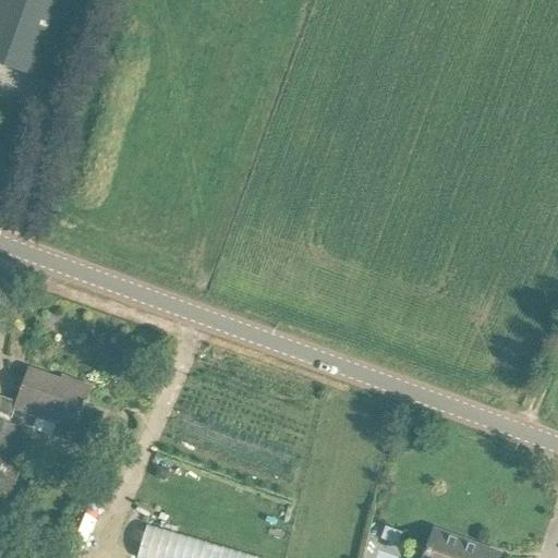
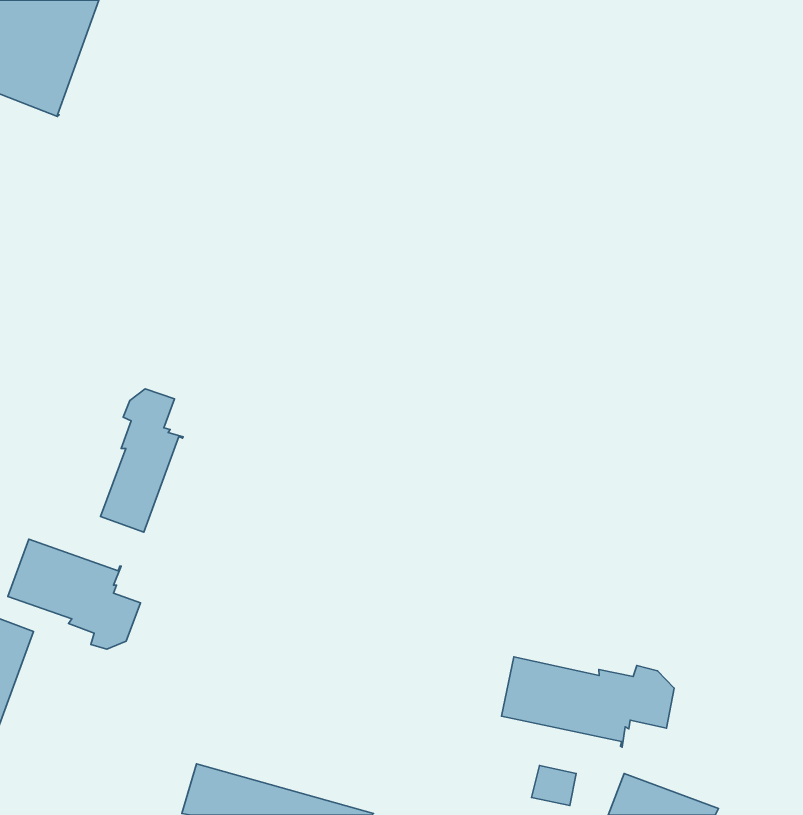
building: none -> [101,389,183,532]
building: none -> [501,657,674,747]

